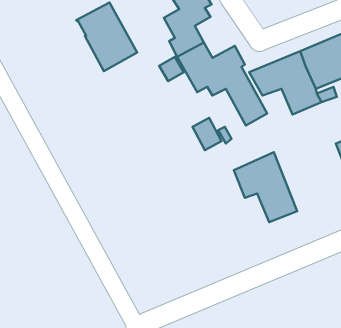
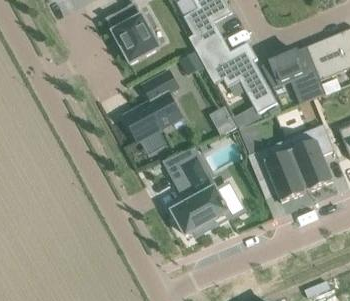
building: none -> [123,71,182,142]
building: none -> [283,122,330,191]
building: none -> [164,149,228,237]

